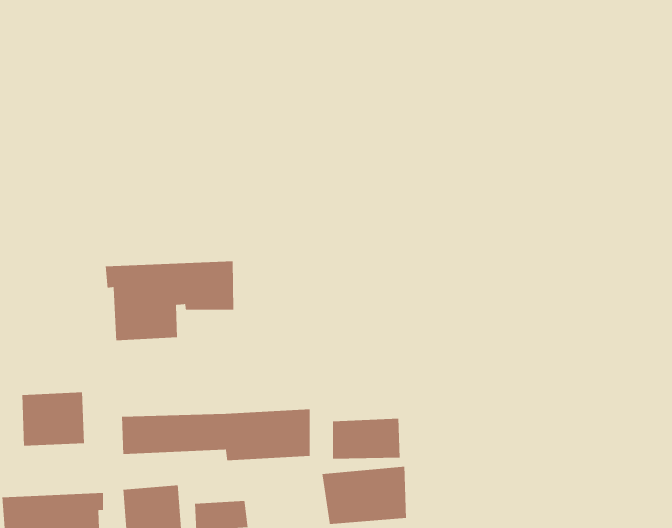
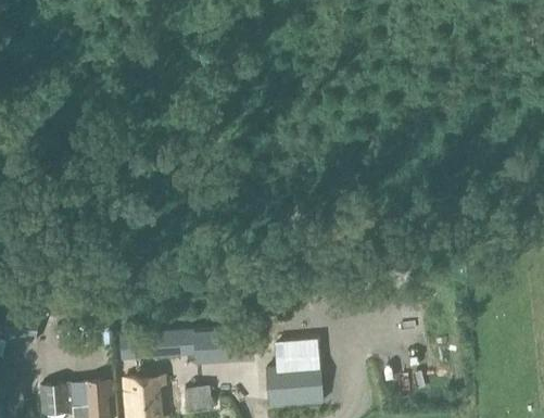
building: [105,260,234,341] -> none
building: [21,392,85,447] -> none

